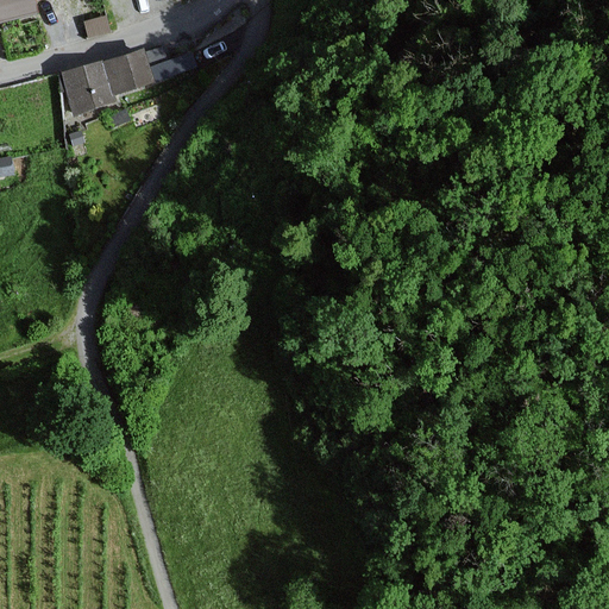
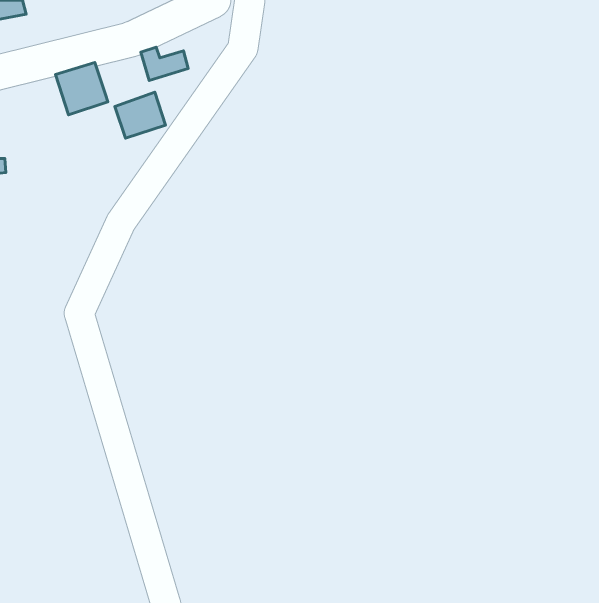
building: [95,50,146,96] -> [115,92,166,138]

